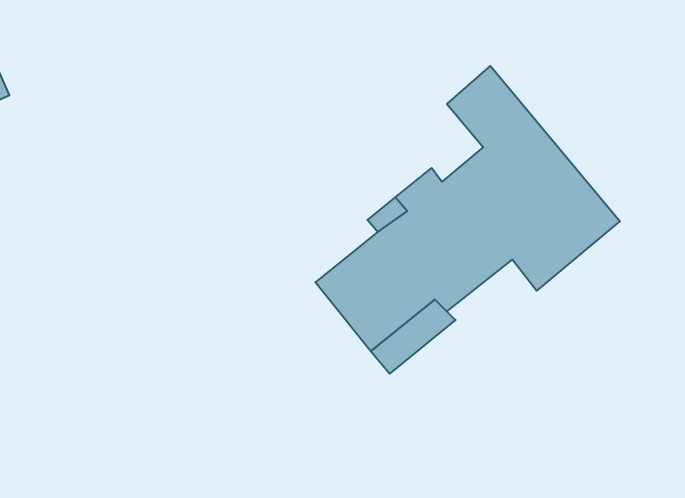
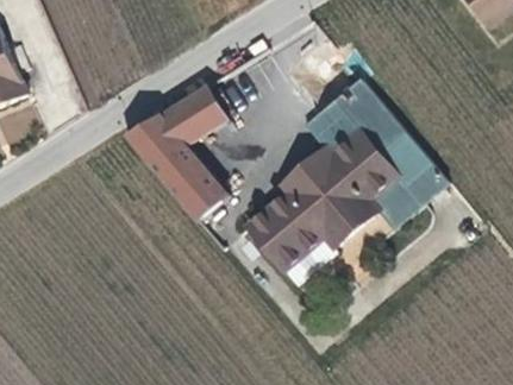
building: none -> [132,89,238,226]
building: none -> [302,101,354,154]

